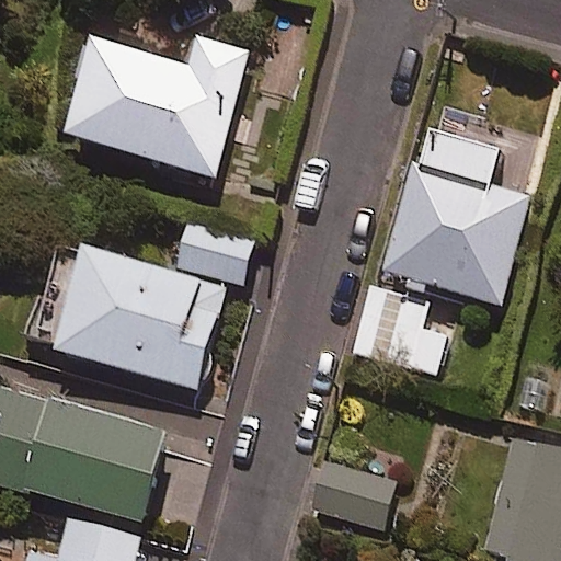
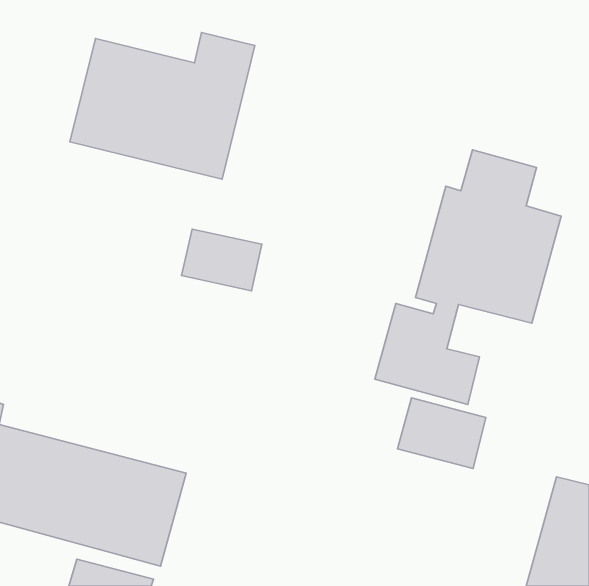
building: [49,241,214,378] -> none
building: [313,466,397,533] -> [397,398,486,469]

